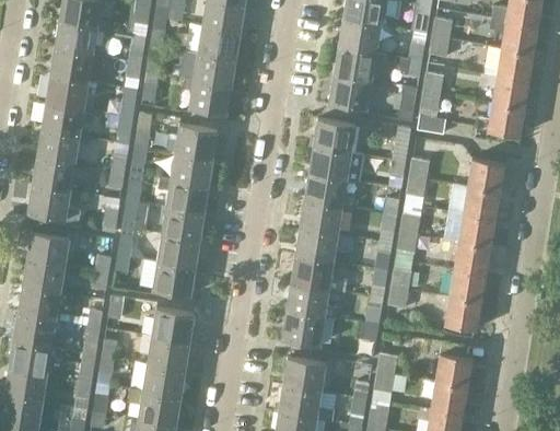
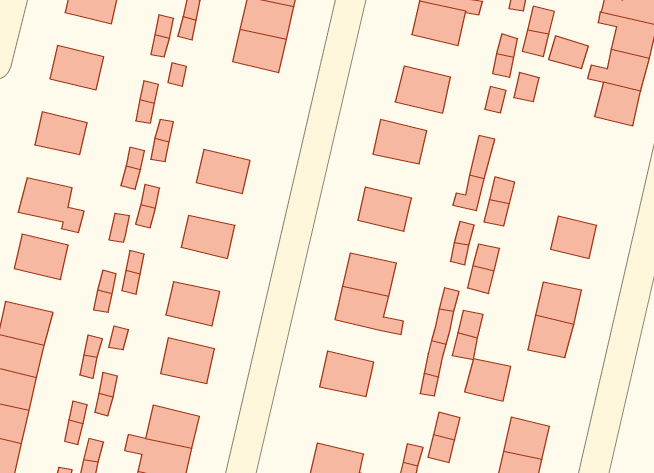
building: [334,48,387,83] -> none
building: [50,49,93,83] -> none
building: [183,79,232,115] -> none
building: [418,94,446,135] -> none
building: [42,104,84,138] -> none
building: [487,105,523,138] -> none
building: [175,125,218,160] -> none
building: [308,148,362,183] -> none
building: [33,159,74,191] -> none
building: [467,160,503,194] -> none
building: [156,178,209,213] -> none
building: [300,202,342,235] -> none
building: [458,216,494,247] -> none
building: [158,234,200,268] -> none
building: [22,260,66,294] -> none
building: [287,284,336,318] -> none
building: [444,299,480,331] -> [465,359,511,401]
building: [148,338,190,371] -> none
building: [283,358,326,393] -> none

